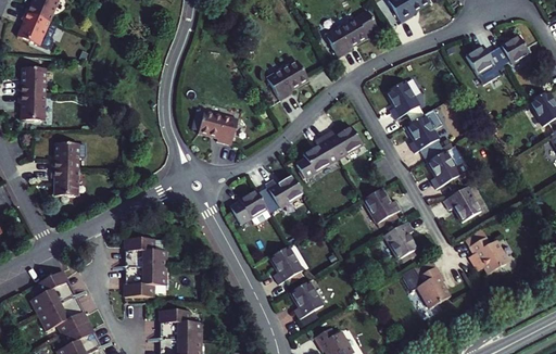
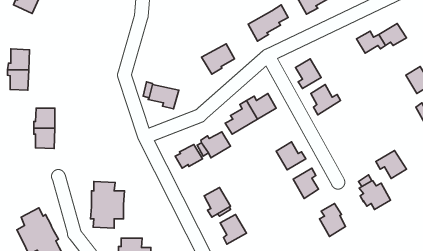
building: [16,10,49,45] -> none
building: [427,143,463,187] -> none
building: [442,185,481,220] -> [376,151,406,179]

